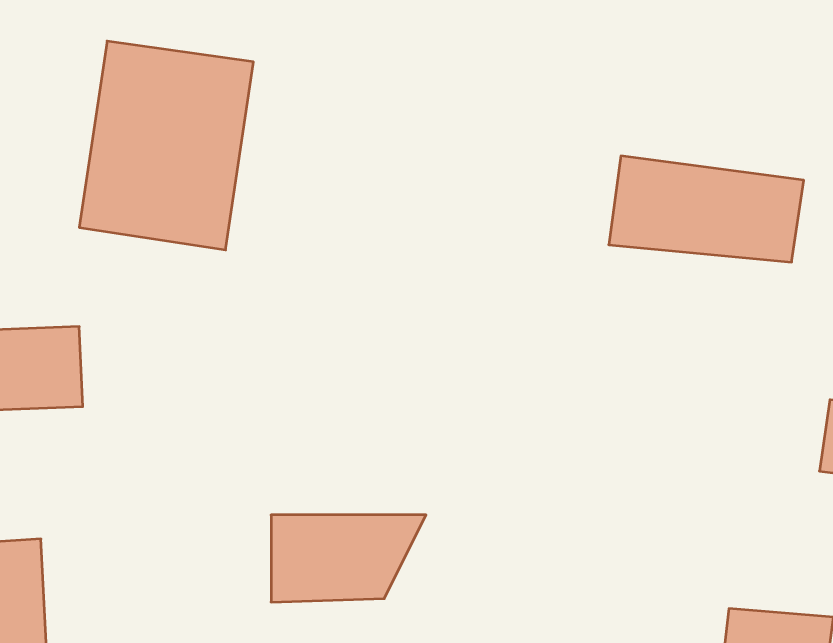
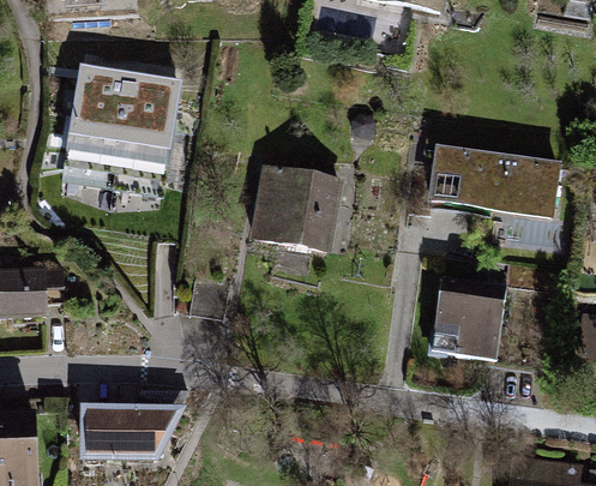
building: none -> [246,163,343,254]
building: none -> [427,272,505,360]
building: [271,515,426,602] -> [80,400,187,460]

